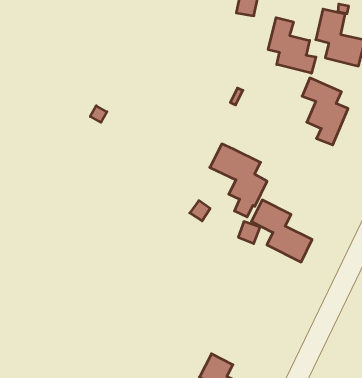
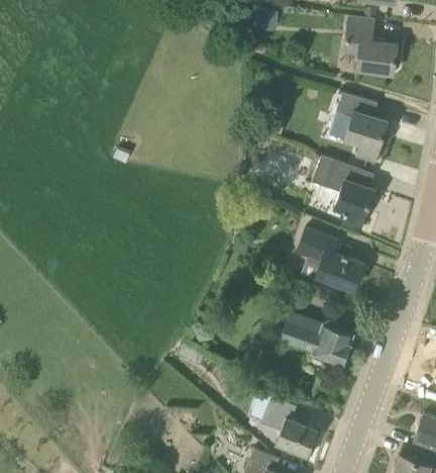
building: [268,18,316,73] -> none
building: [210,144,267,217] -> [312,156,374,230]
building: none -> [280,320,354,364]

